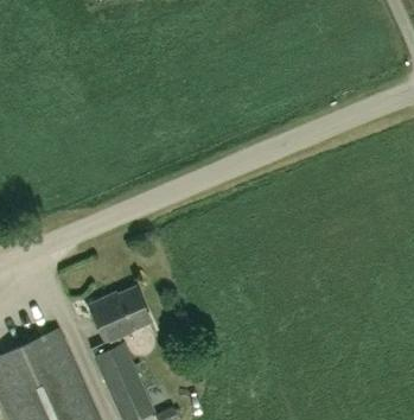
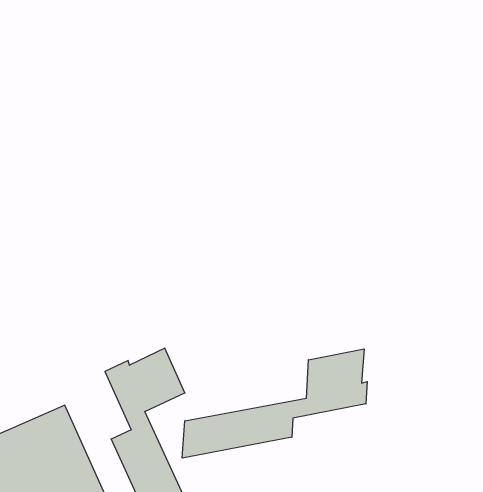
building: none -> [182,349,367,458]

